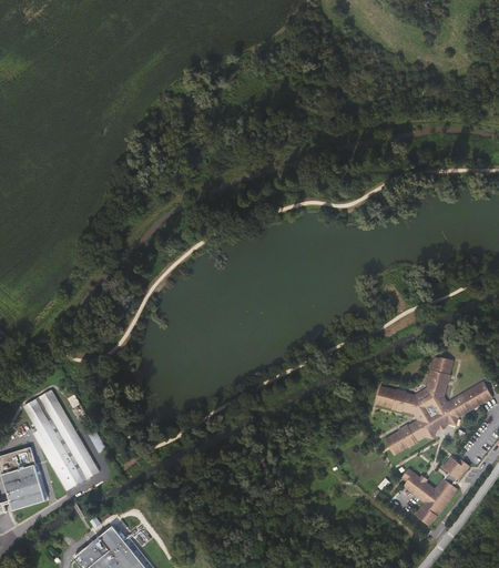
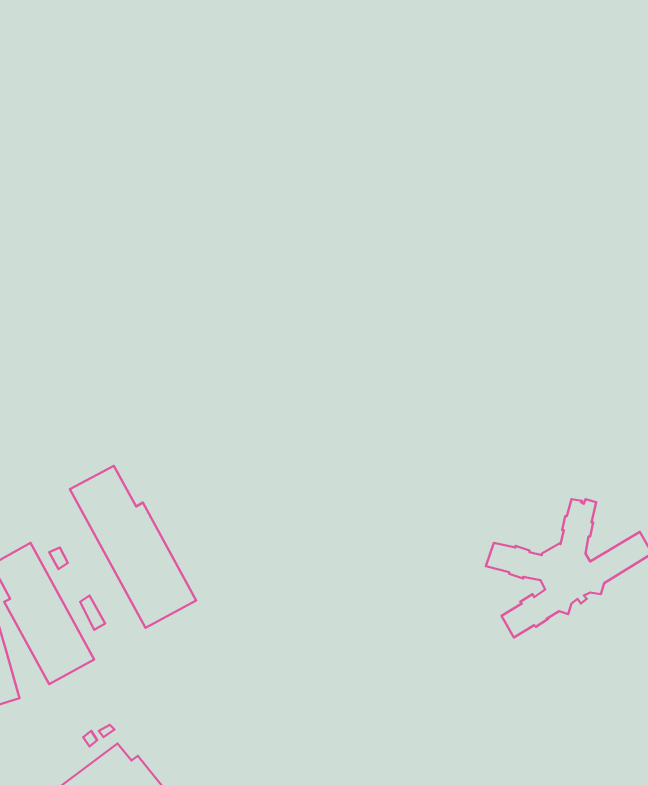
building: none -> [70,466,196,628]
building: [404,456,471,526] -> none

